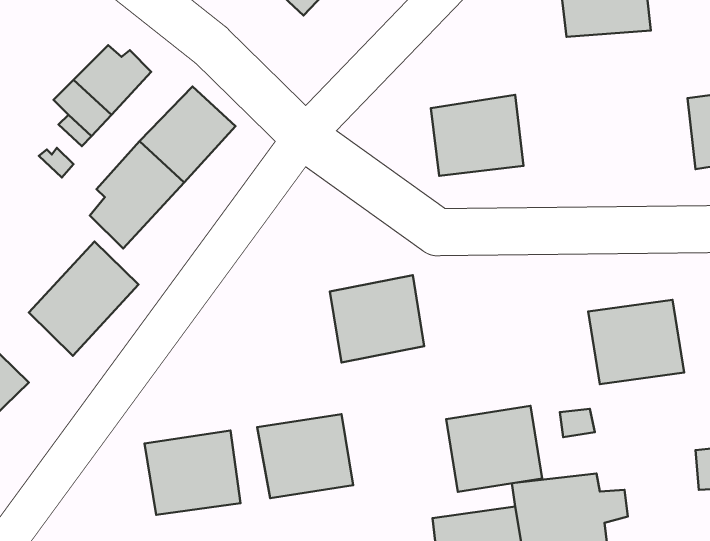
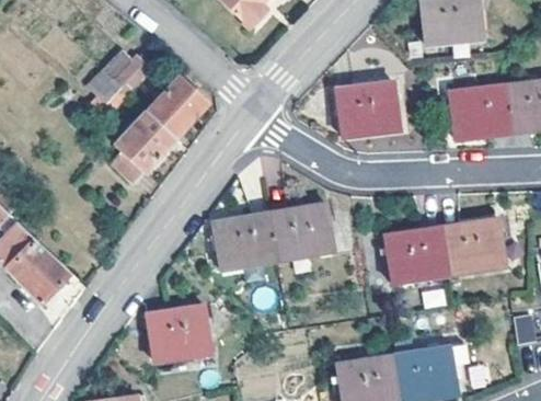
building: none -> [450,84,511,139]
building: [29,241,139,356] -> none
building: [446,406,542,492] -> [384,226,448,283]
building: [257,414,353,498] -> [214,213,277,268]

